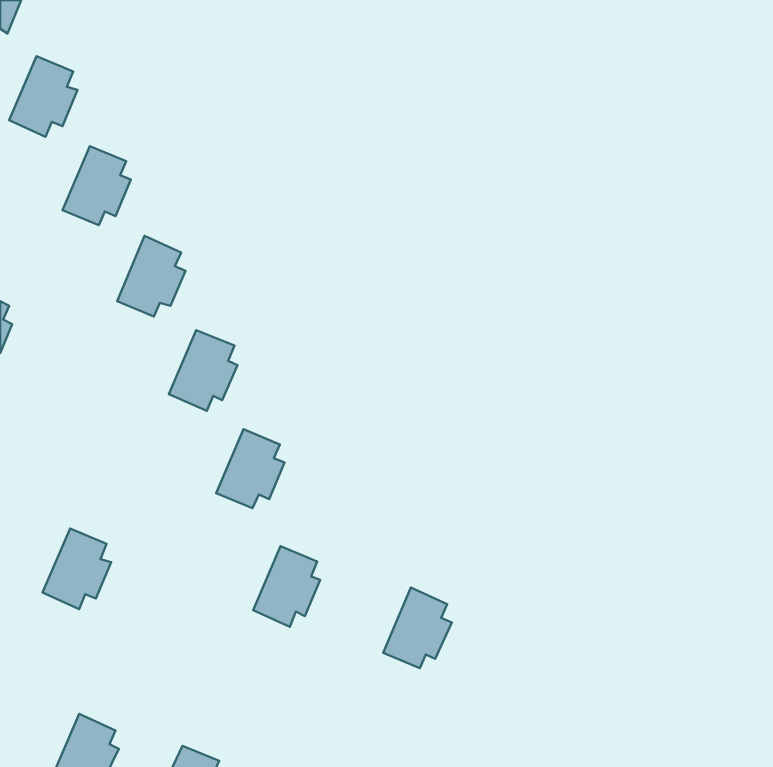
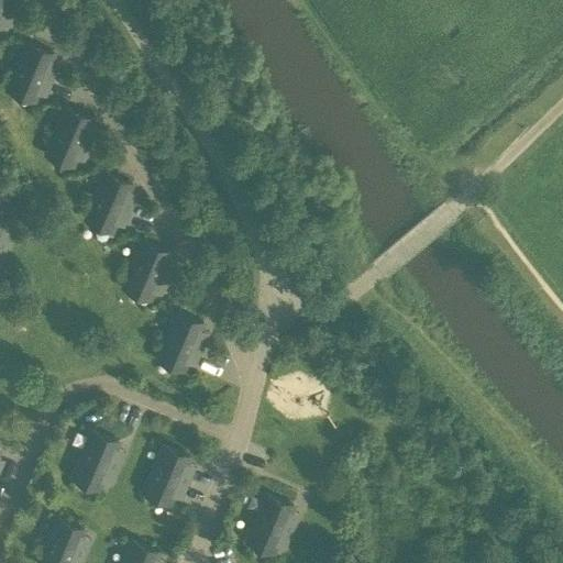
building: [43,529,111,609] -> [75,437,124,495]
building: [253,546,320,627] -> [146,451,195,509]
building: [383,587,452,668] -> [250,499,299,558]

